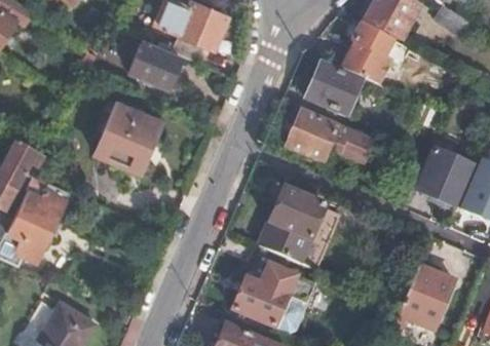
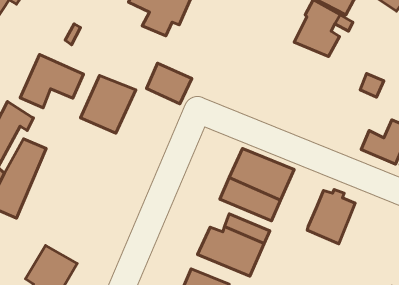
building: [129,41,181,87] -> [147,63,192,104]
building: [306,63,360,114] -> none
building: none -> [20,54,83,108]
building: [287,111,371,160] -> none
building: [400,265,454,326] -> [307,190,355,244]

